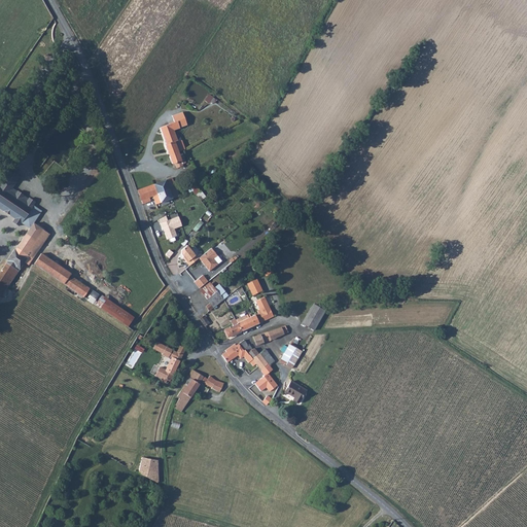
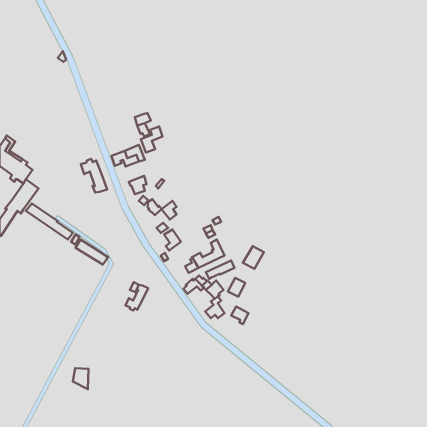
building: [160,113,186,145] -> [141,127,163,153]
building: none -> [81,159,107,193]
building: [181,367,226,400] -> none
building: [138,459,157,485] -> [73,368,89,389]

